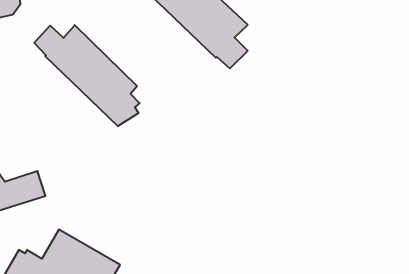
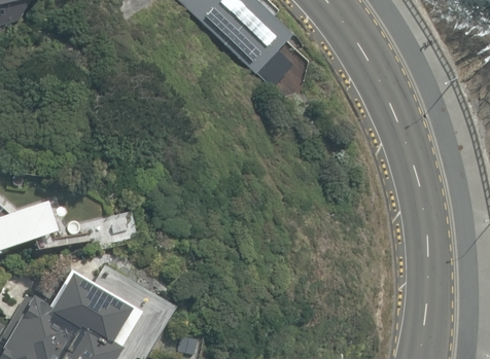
building: [34,25,140,126] -> none

